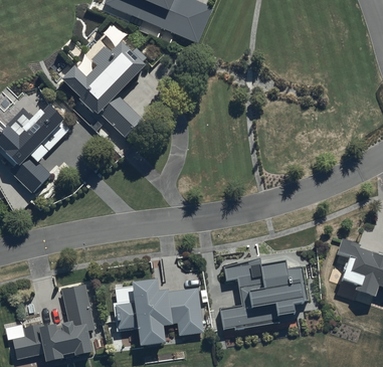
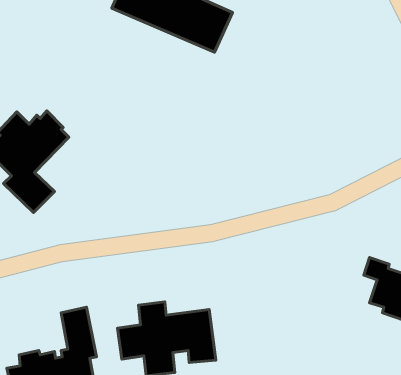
building: [61,40,146,136] -> none
building: [220,257,307,329] -> none

